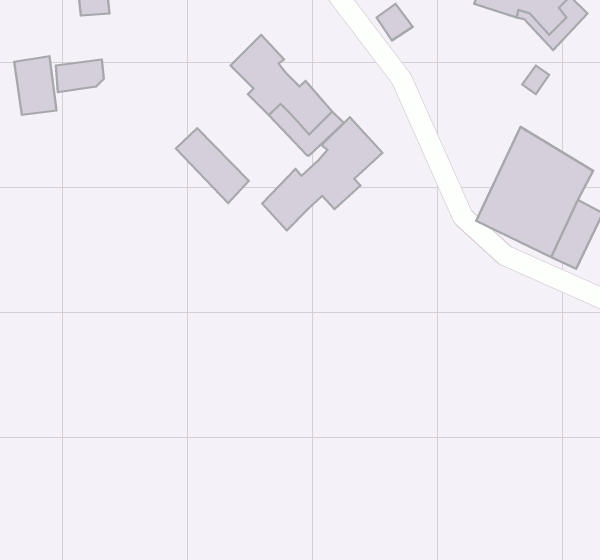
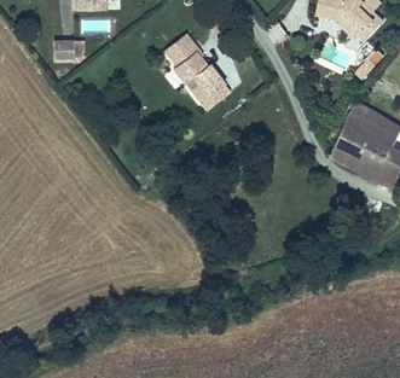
building: [14,56,56,115] -> none
building: [262,117,382,230] -> none
building: [176,128,249,203] -> none

